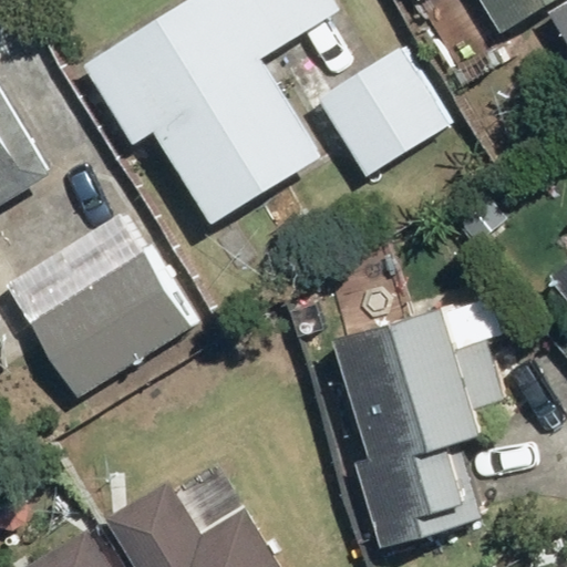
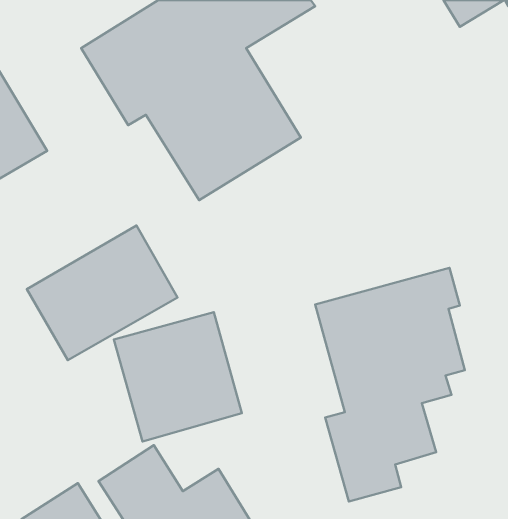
building: [318,49,449,175] -> none
building: none -> [114,312,242,442]

